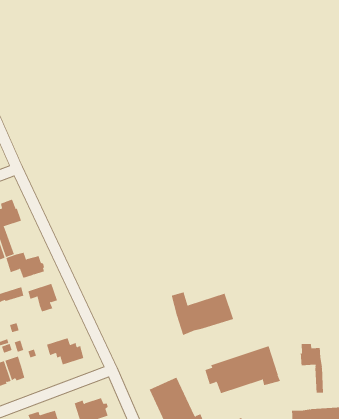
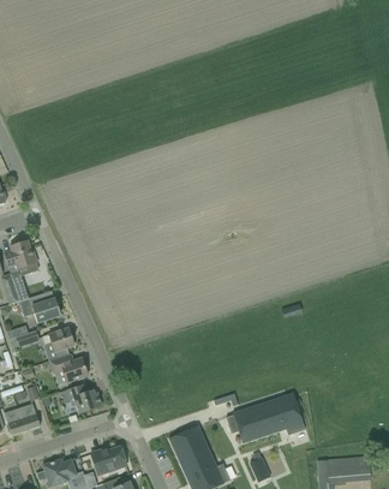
building: [171,291,234,336] -> none
building: none -> [49,353,86,381]
building: [300,343,324,393] -> none

